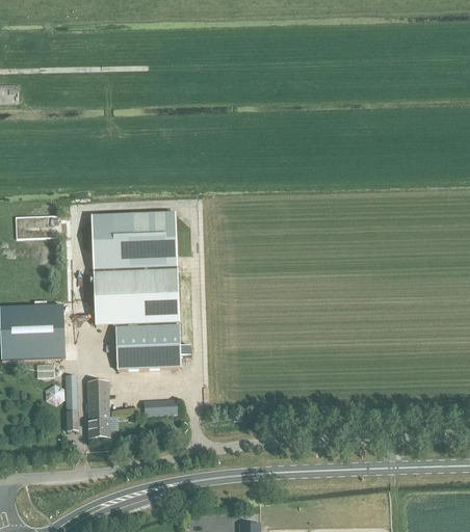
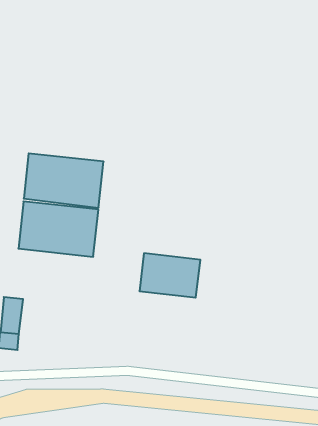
building: [115,323,180,368] -> [139,253,200,298]
building: [143,398,178,415] -> none

